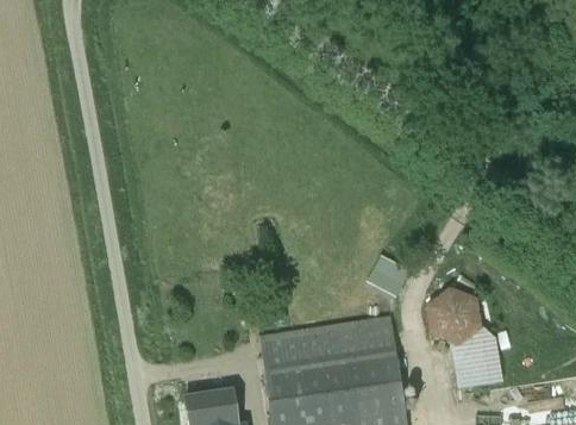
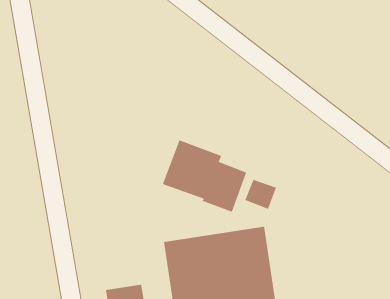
building: none -> [162,139,247,212]
building: [425,288,501,390] -> none

